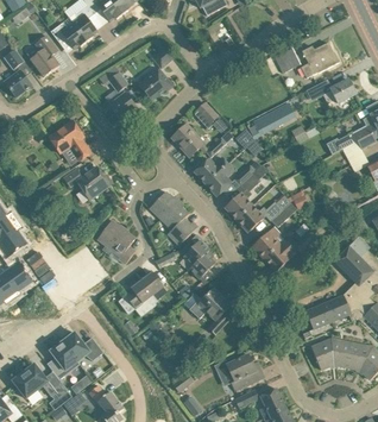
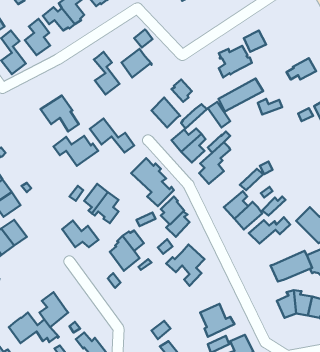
building: [302,42,339,77] -> [219,46,252,78]
building: none -> [90,119,134,152]
building: [237,201,283,231] -> [249,217,290,244]
building: [63,330,103,360] -> [62,221,99,247]

